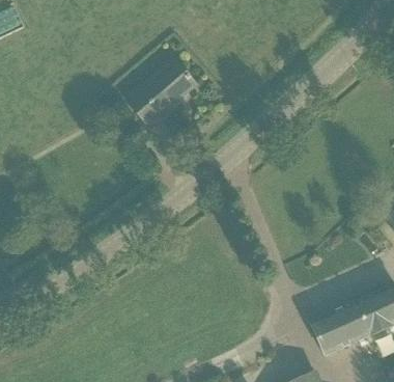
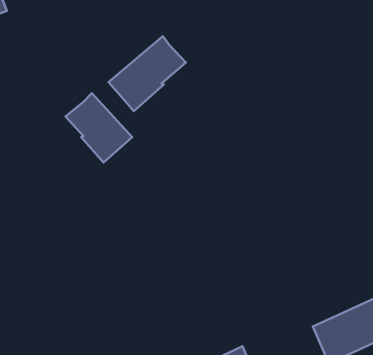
building: none -> [66,93,132,162]

